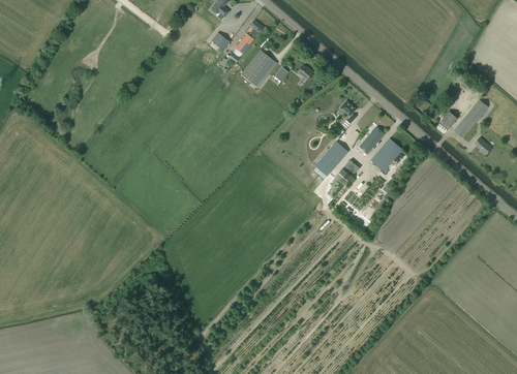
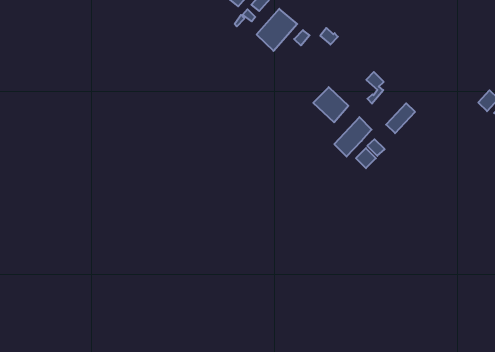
building: none -> [313,87,348,122]
building: [370,138,401,172] -> none

